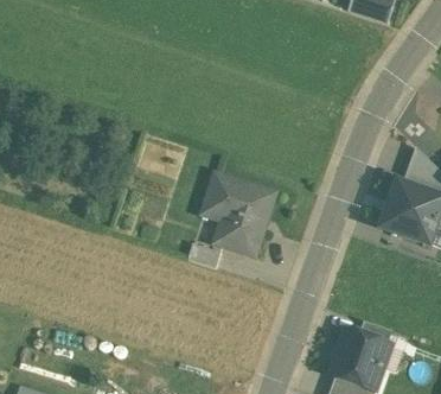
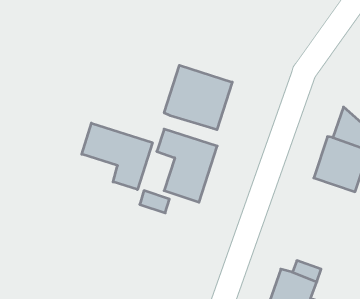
building: none -> [164,65,232,130]
building: none -> [82,123,152,190]

